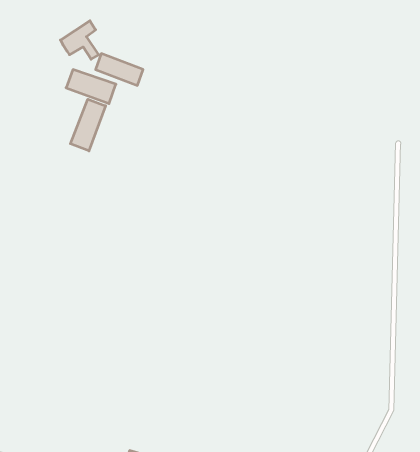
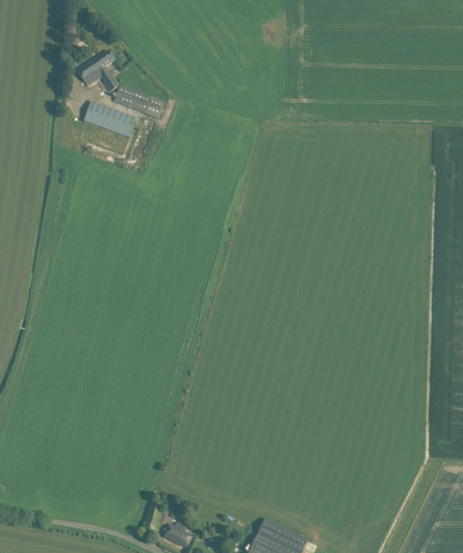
building: [70,99,106,151] -> none

